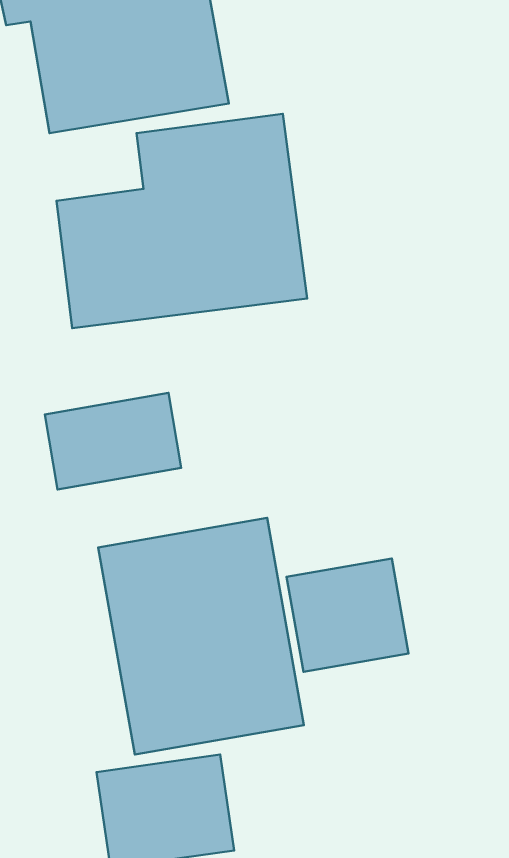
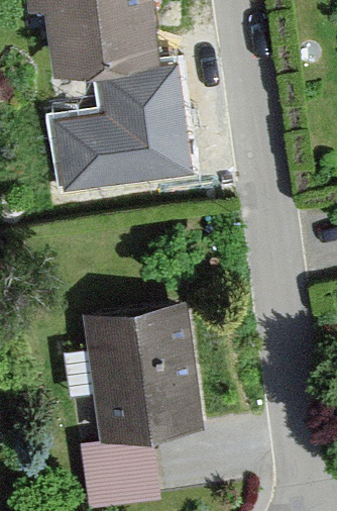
building: [45,393,181,490] -> none
building: [287,558,408,672] -> none

